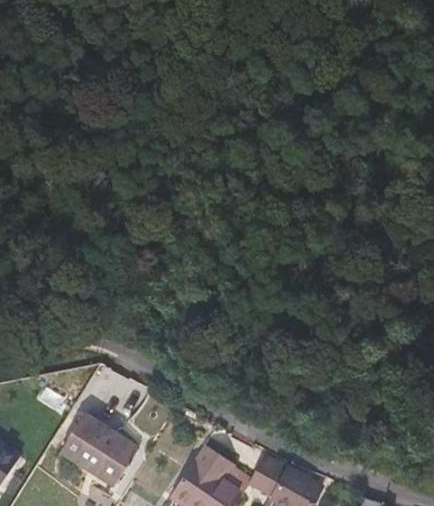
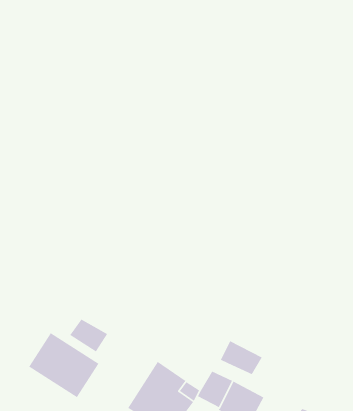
building: none -> [69,318,108,353]
building: none -> [220,340,263,375]

